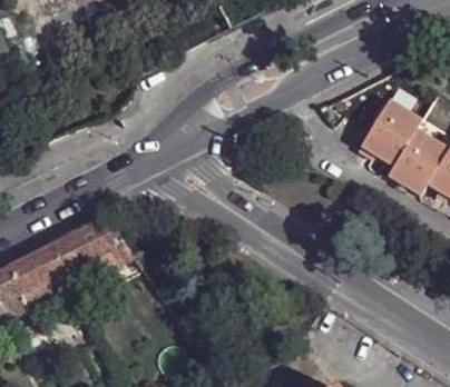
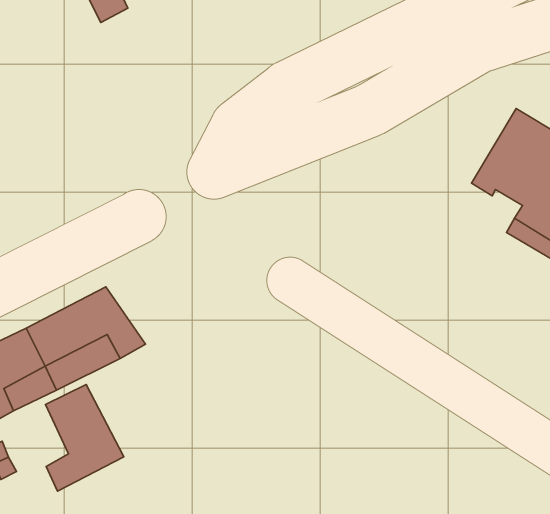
building: none -> [46,384,124,491]

